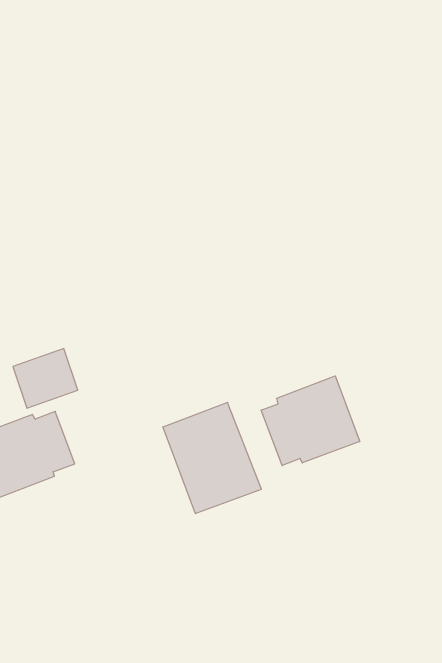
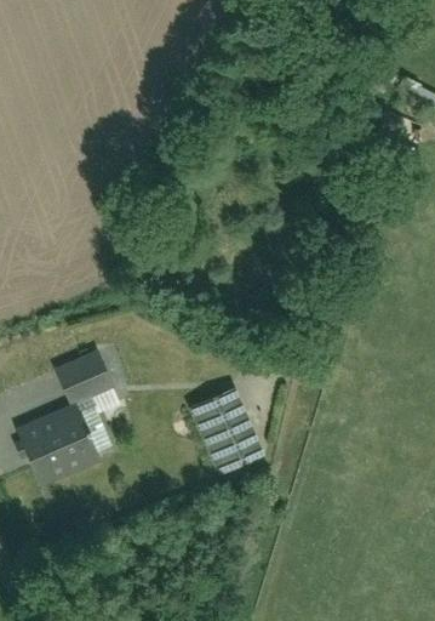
building: [261,376,360,466] -> none

